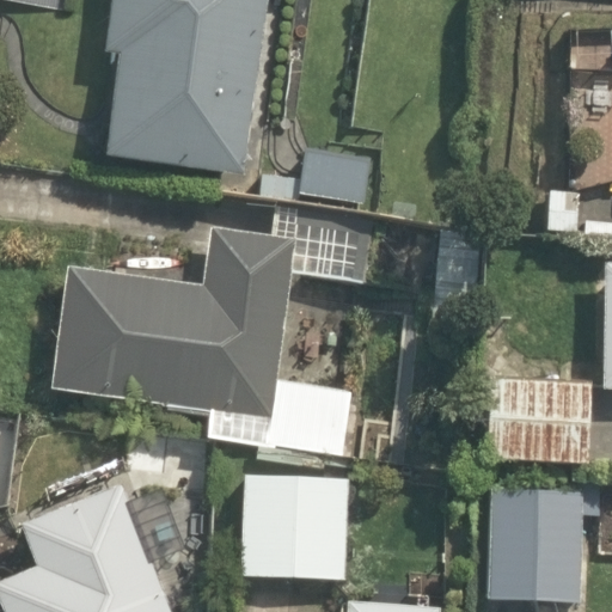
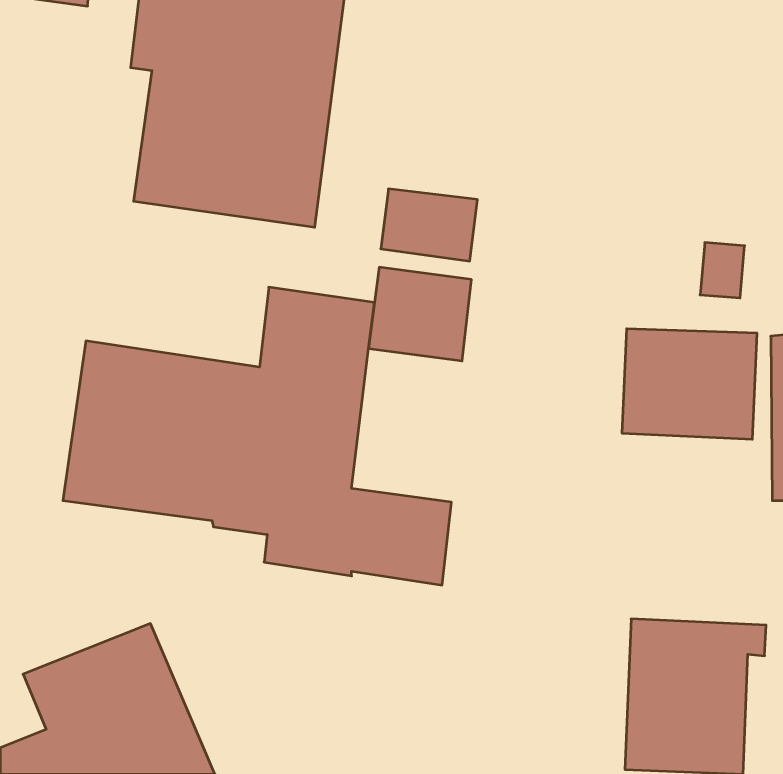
building: [488,378,593,464] -> [622,329,757,439]
building: [240,475,350,580] -> none

